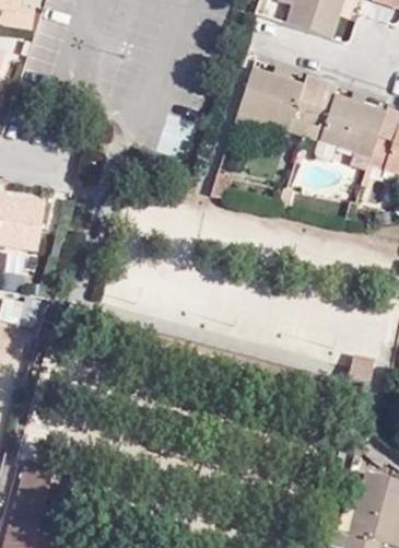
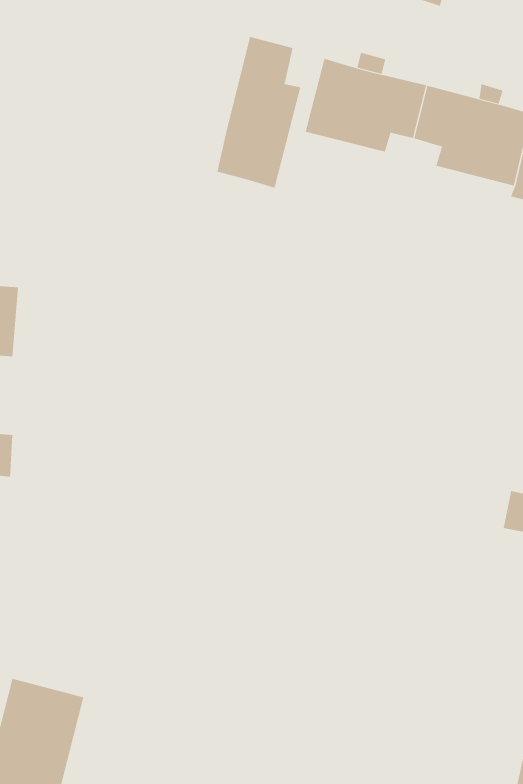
building: none -> [217,36,301,188]

